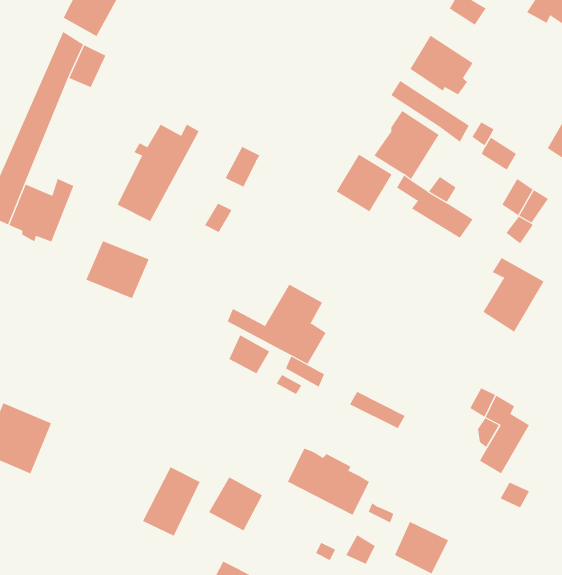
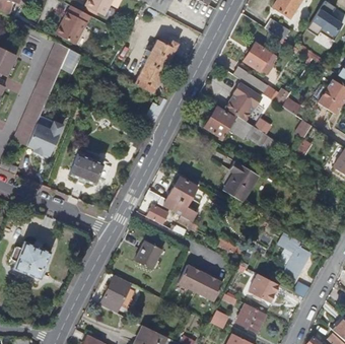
building: [117,124,200,222] -> [135,40,180,92]
building: [482,257,545,332] -> [225,162,259,203]
building: none -> [248,274,279,302]
building: [208,476,263,531] -> [134,240,163,270]

